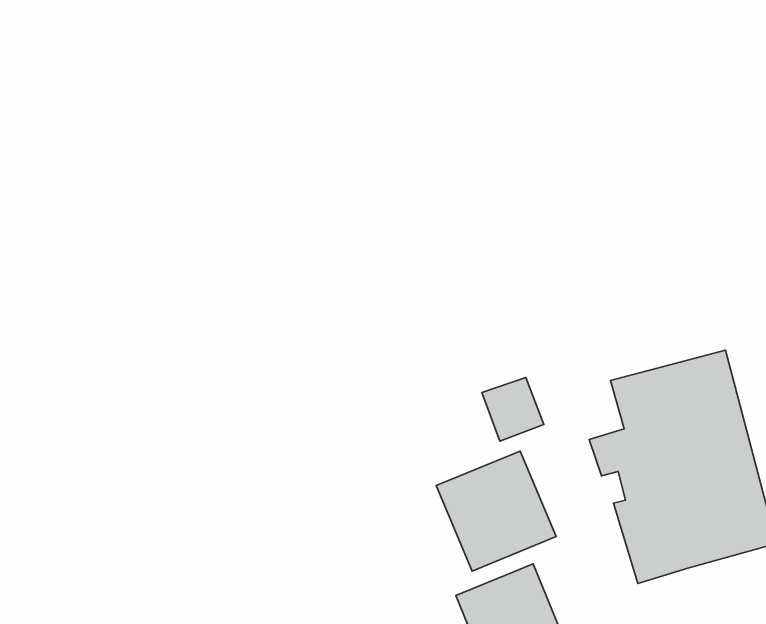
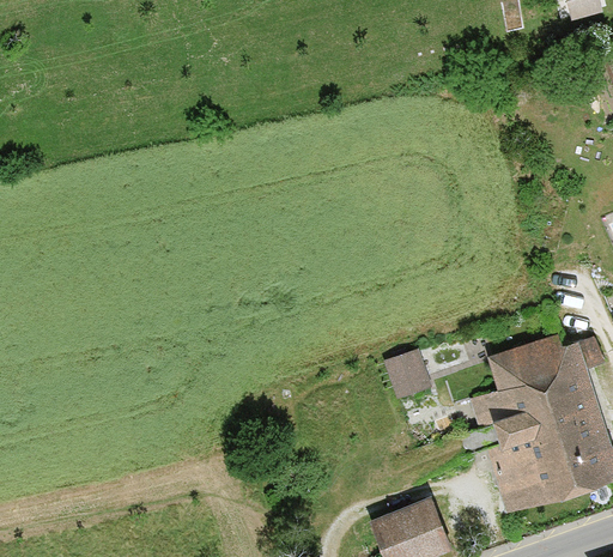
building: [436,451,556,571] -> none

